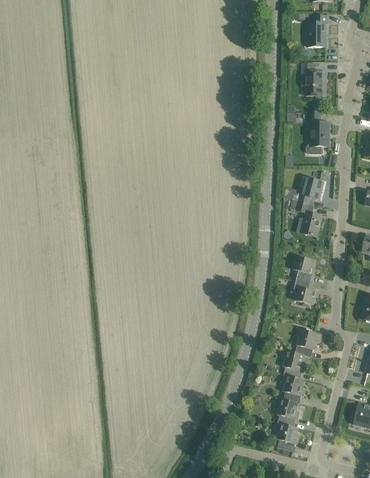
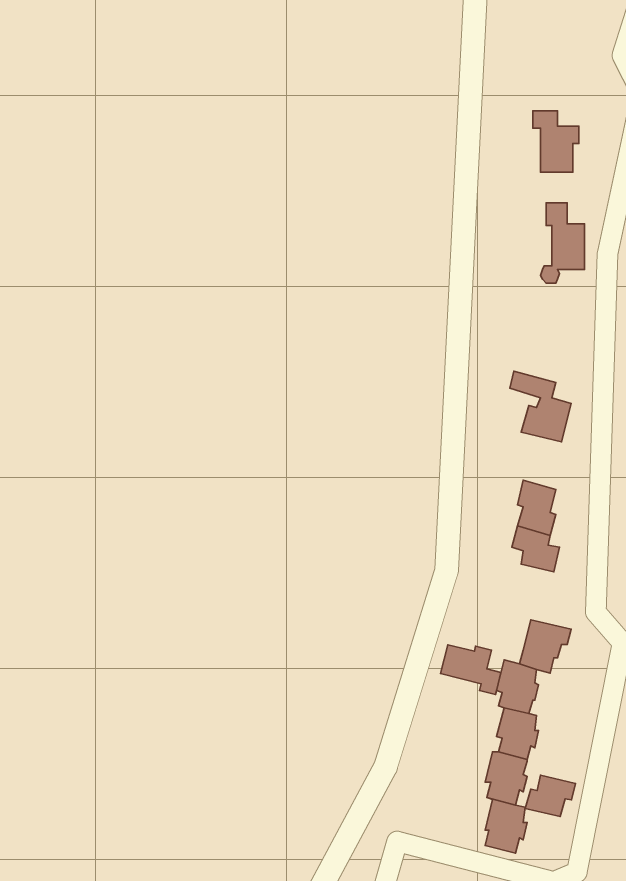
building: [306,15,327,46] -> none
building: [292,177,324,205] -> none
building: none -> [441,645,501,695]
building: none -> [525,775,576,817]

